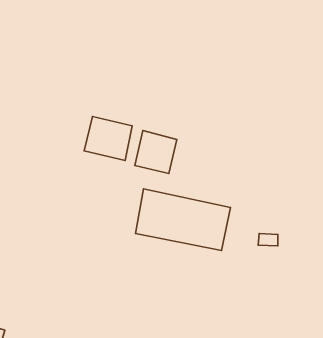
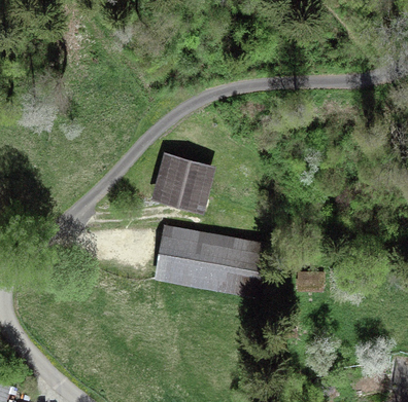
building: [84,117,132,161] -> none

